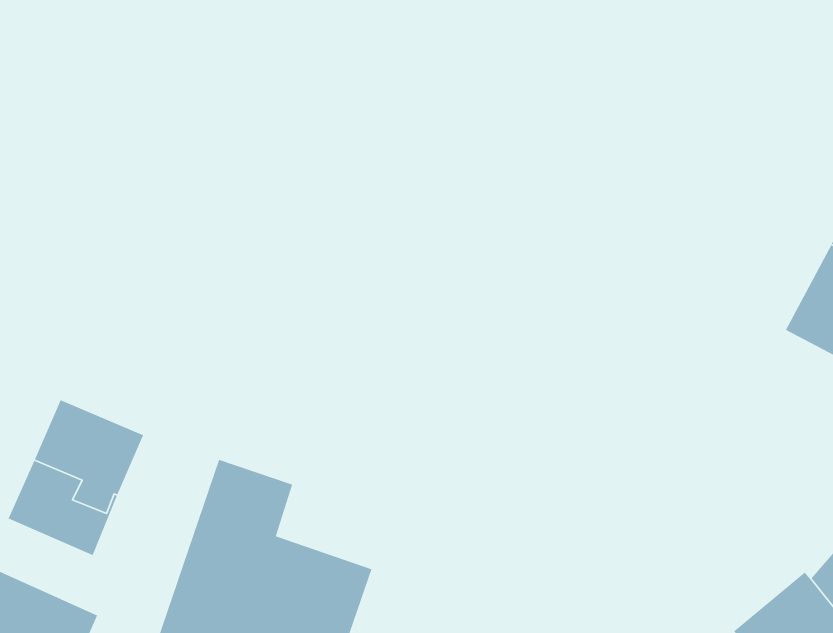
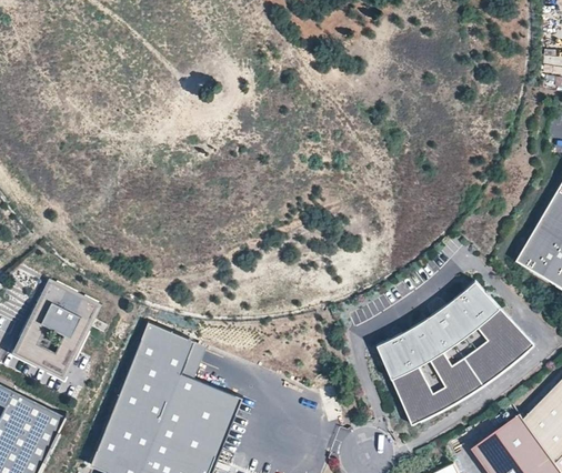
building: none -> [374,280,532,425]

